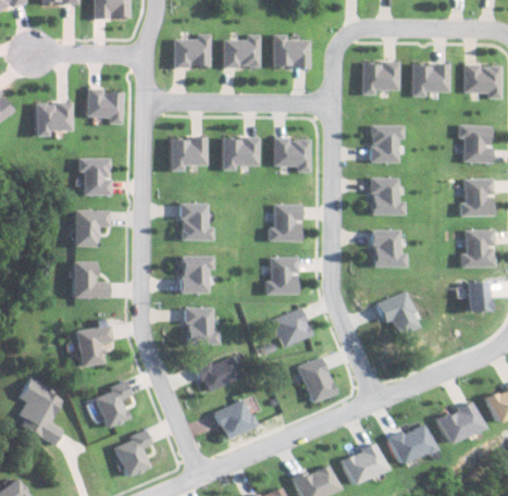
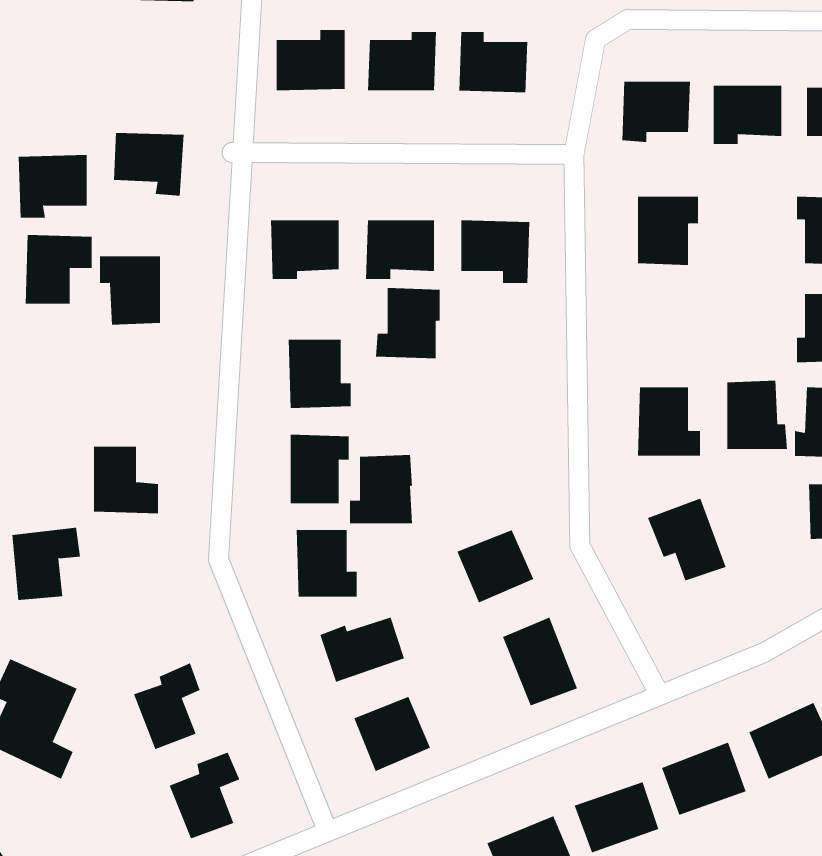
building: [371,177,405,215] -> [726,380,788,450]
building: [267,203,302,243] -> [375,287,441,359]
building: [73,209,110,247] -> [25,235,92,304]
building: [263,257,298,295] -> [349,454,413,524]
building: [75,326,113,367] -> [11,527,81,600]

